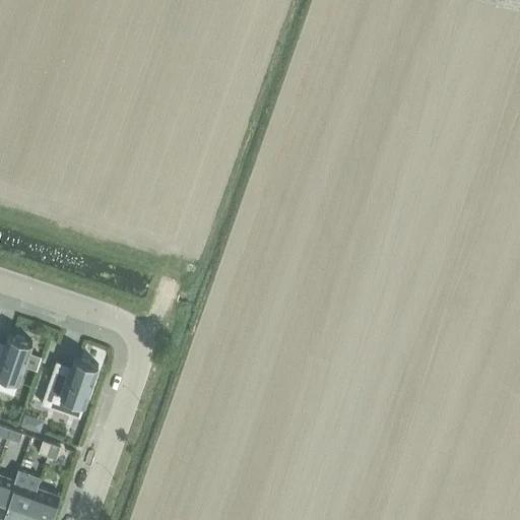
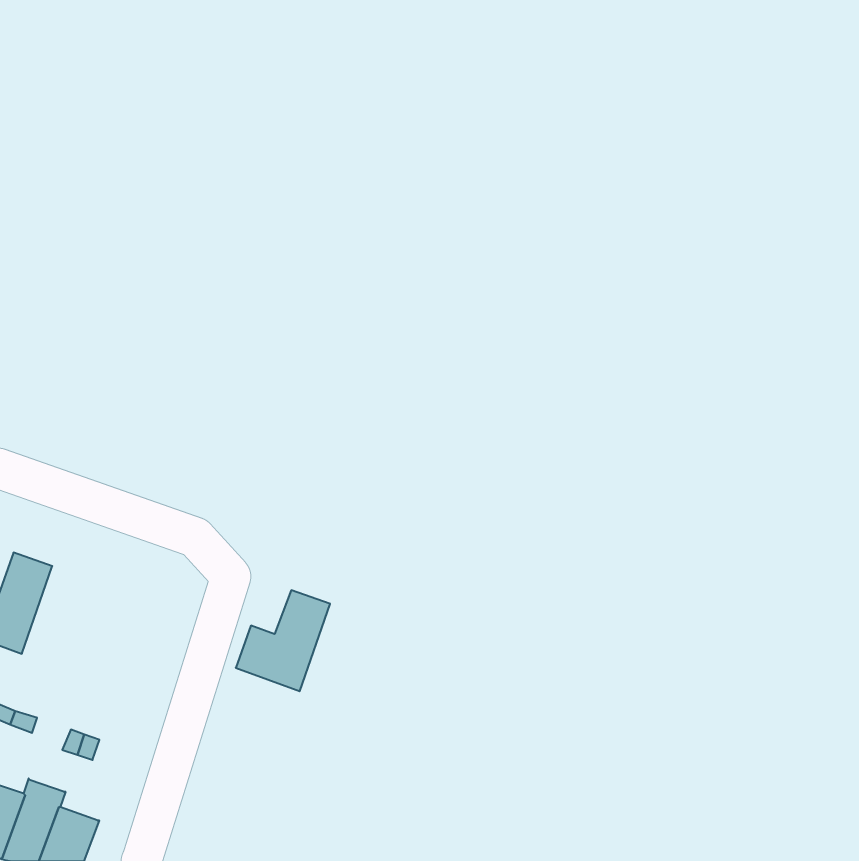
building: [41,356,98,417] -> [236,590,330,691]

